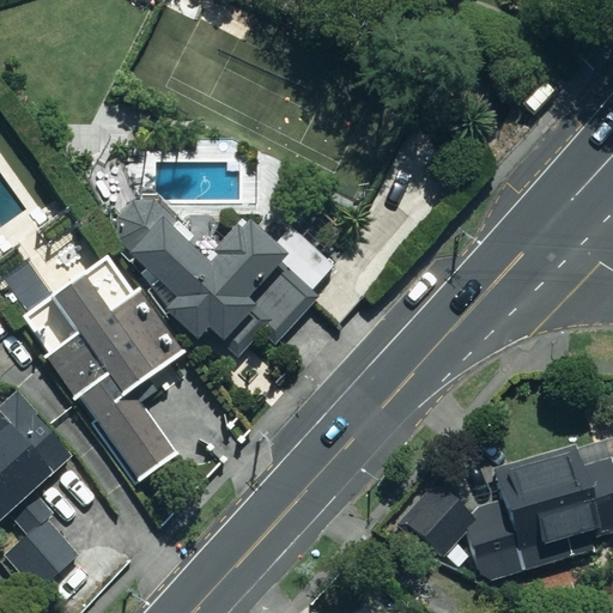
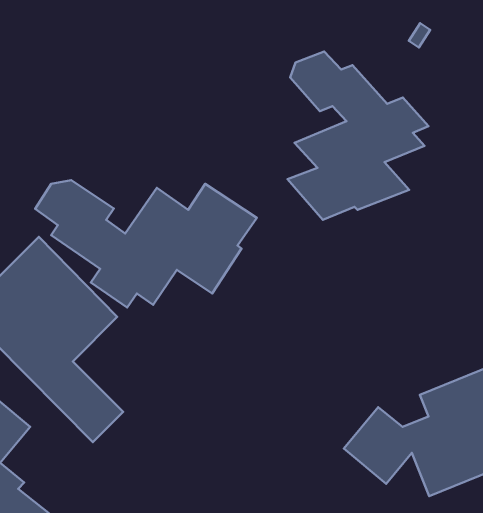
building: none -> [287,52,429,220]

